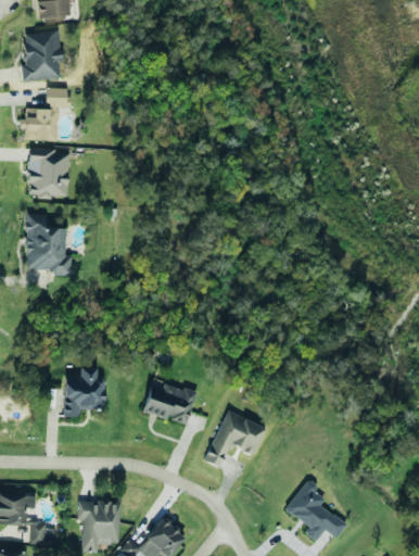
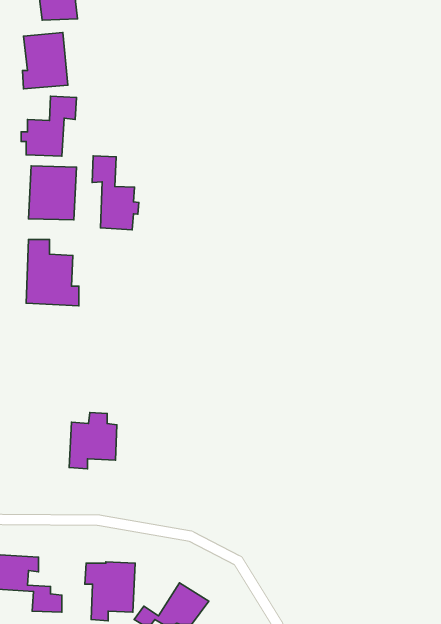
building: none -> [92,156,139,230]
building: [142,383,196,424] -> none
building: [205,409,266,467] -> none
building: [287,478,346,541] -> none

